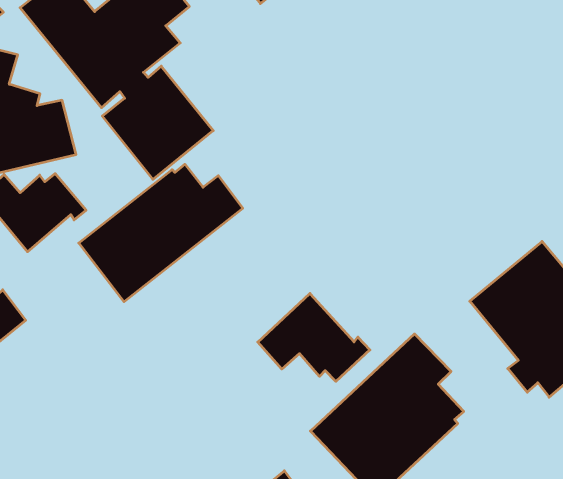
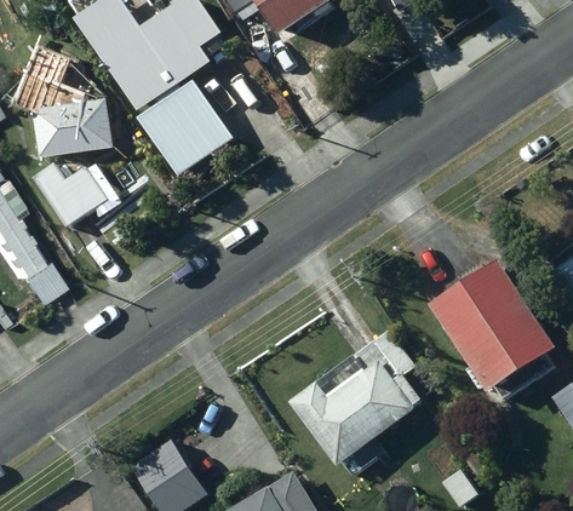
building: [79,164,243,302] -> none
building: [258,293,370,381] -> none

